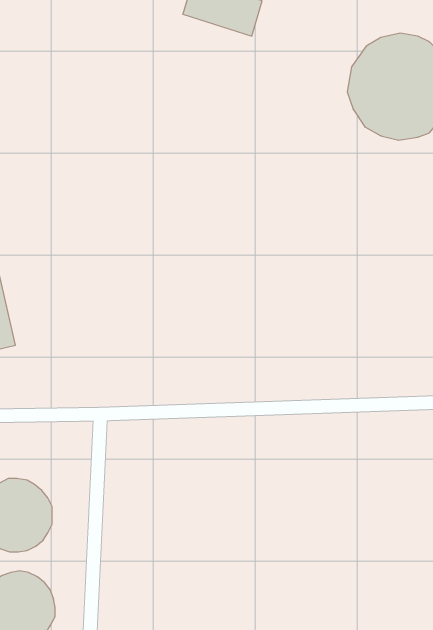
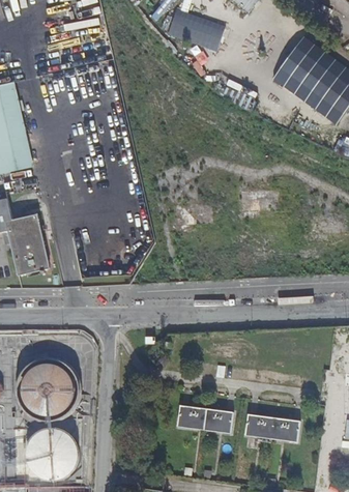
building: none -> [178,404,233,432]
building: none -> [246,413,300,441]

